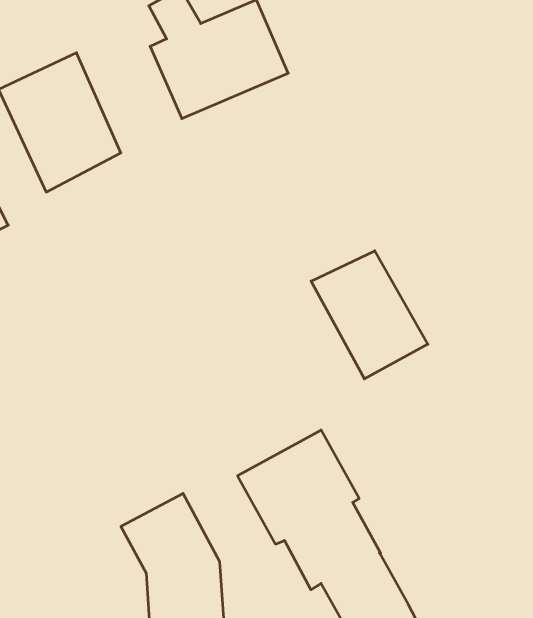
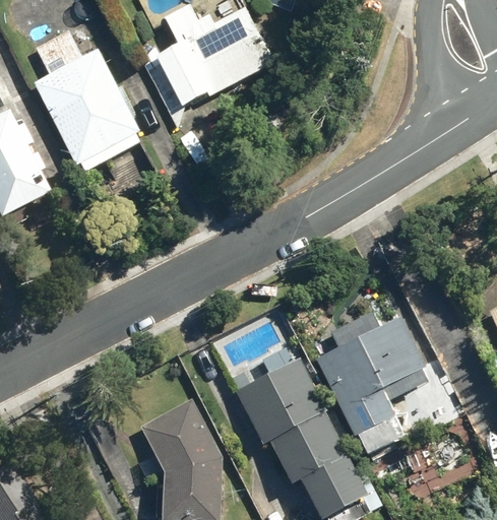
building: [311,251,428,379] -> none
building: none -> [317,311,460,461]

